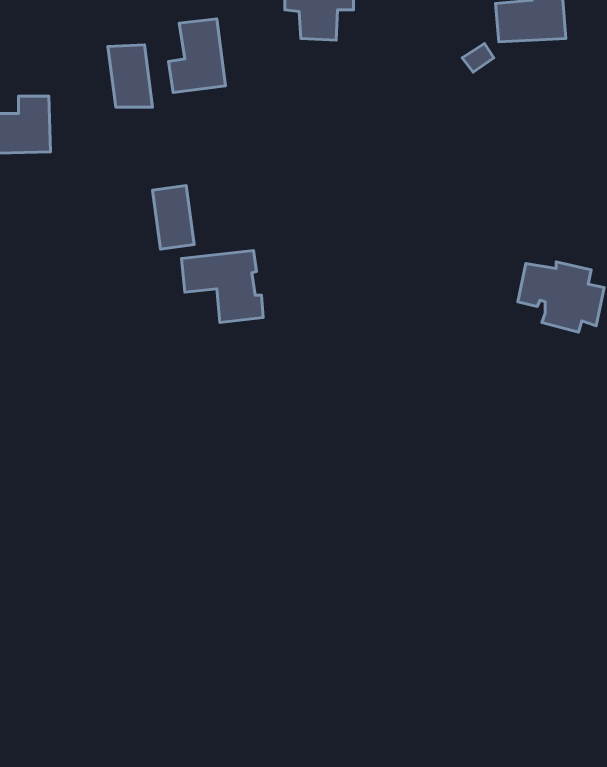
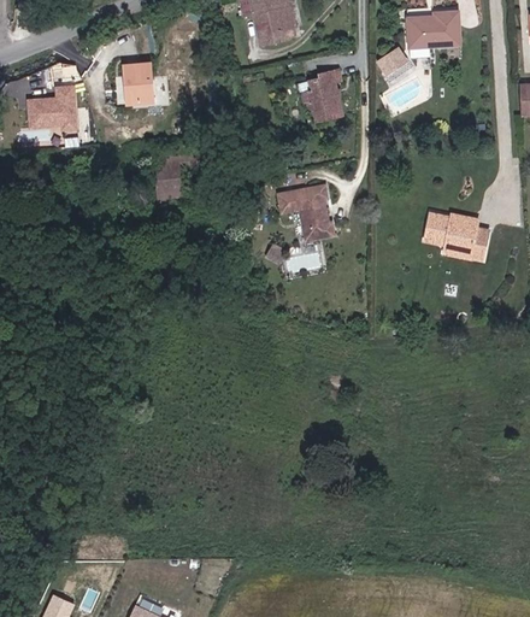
building: [169,19,226,92] -> none
building: none -> [302,71,343,123]
building: [182,251,263,322] -> [279,186,341,240]

